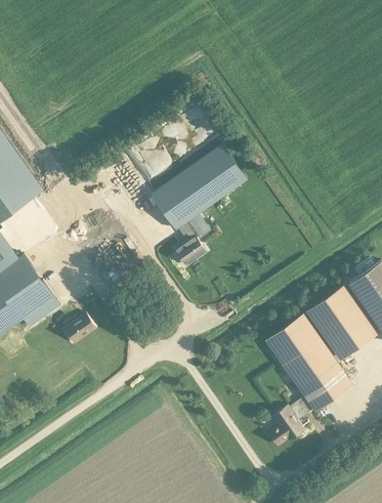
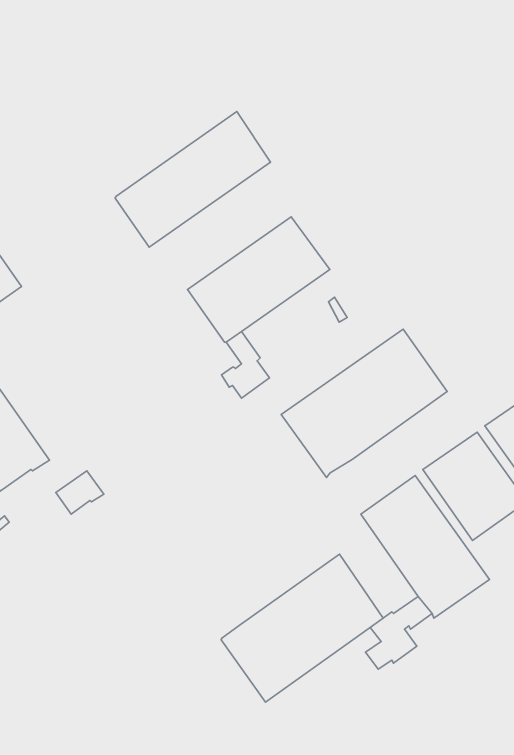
building: none -> [115,111,270,247]
building: none -> [281,329,447,477]
building: none -> [221,554,383,702]

